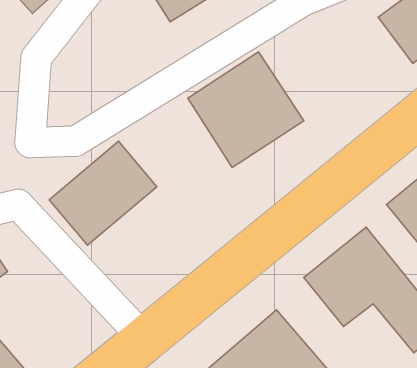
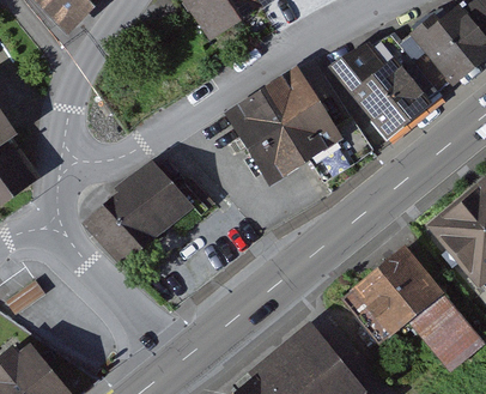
building: none -> [333,24,443,139]

